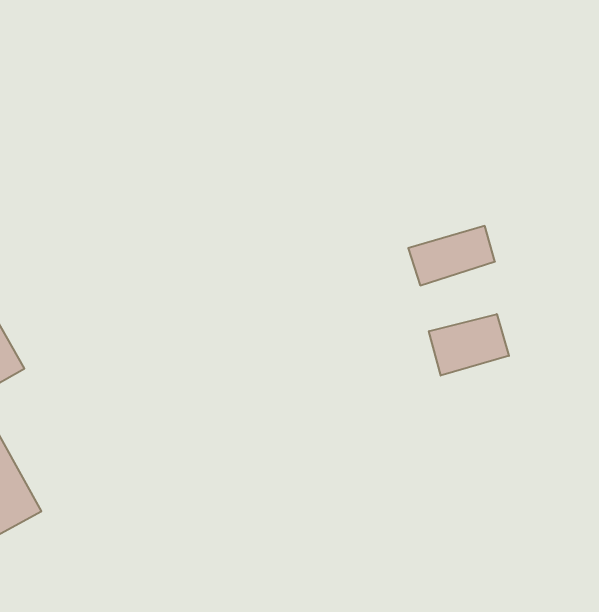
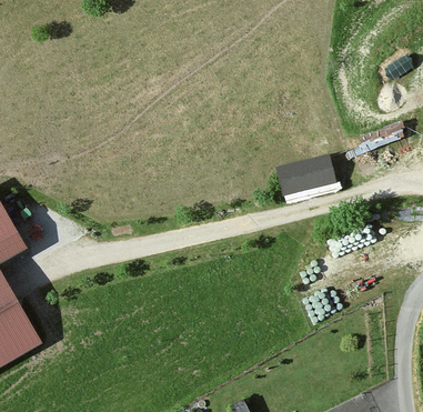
building: [429,314,509,376] -> none

